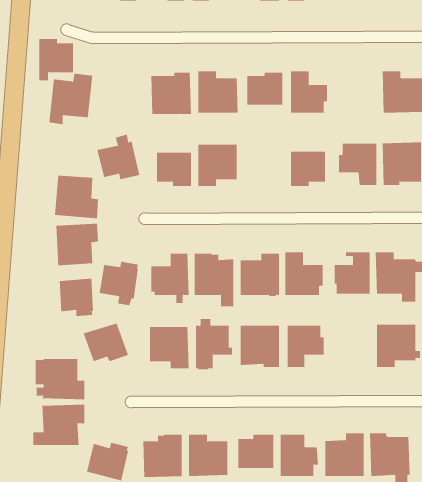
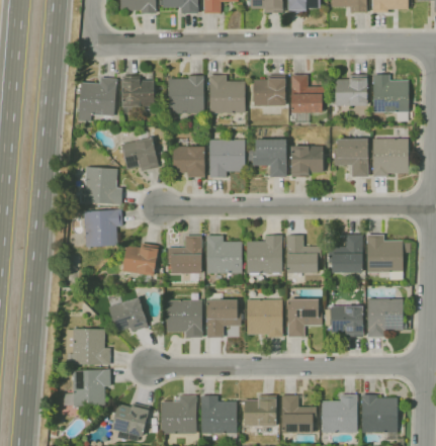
building: [38,38,74,81] -> [122,76,154,113]
building: none -> [330,75,367,112]
building: none -> [252,140,286,177]
building: [59,278,94,317] -> none
building: none -> [331,306,363,337]

